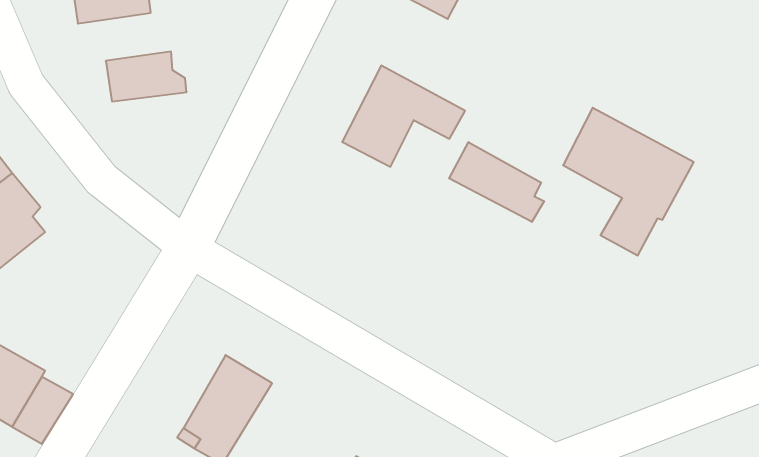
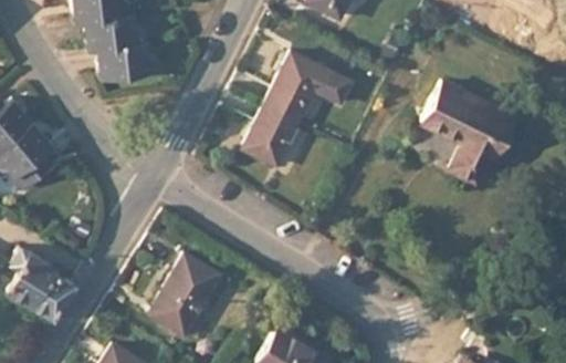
building: none -> [85,13,145,48]
building: none -> [244,105,301,166]
building: [449,142,544,222] -> none

